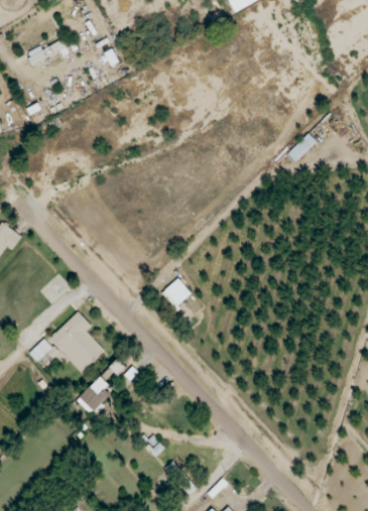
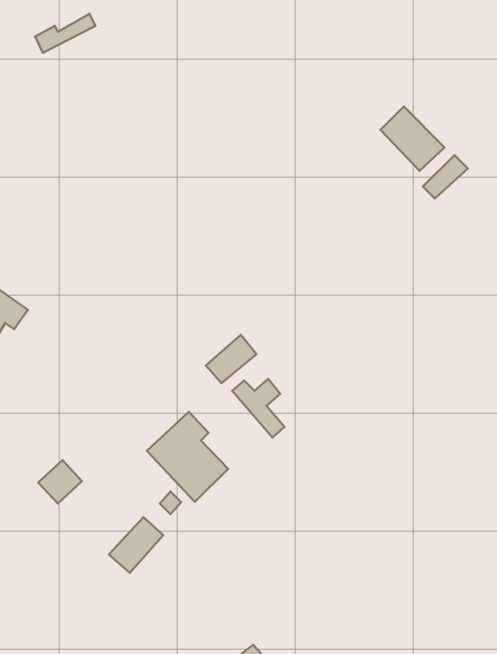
building: none -> [380,106,445,171]
building: none -> [206,335,257,383]
building: [49,311,104,372] -> [147,412,228,502]

